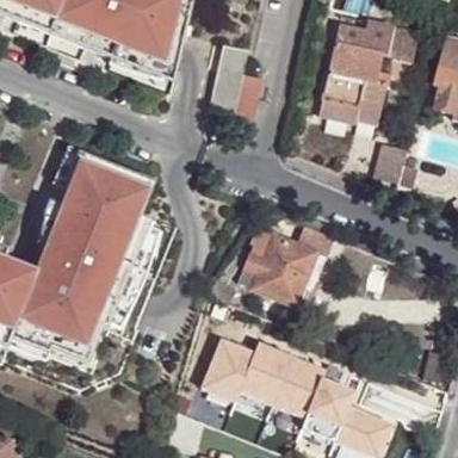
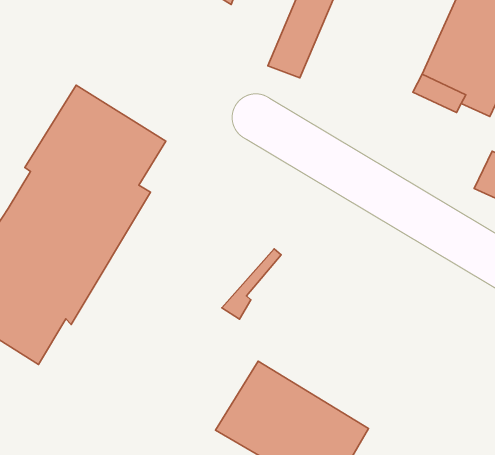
building: [239,221,323,304] -> none

